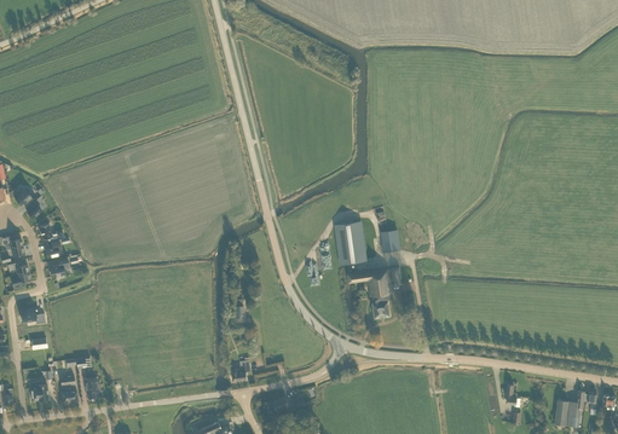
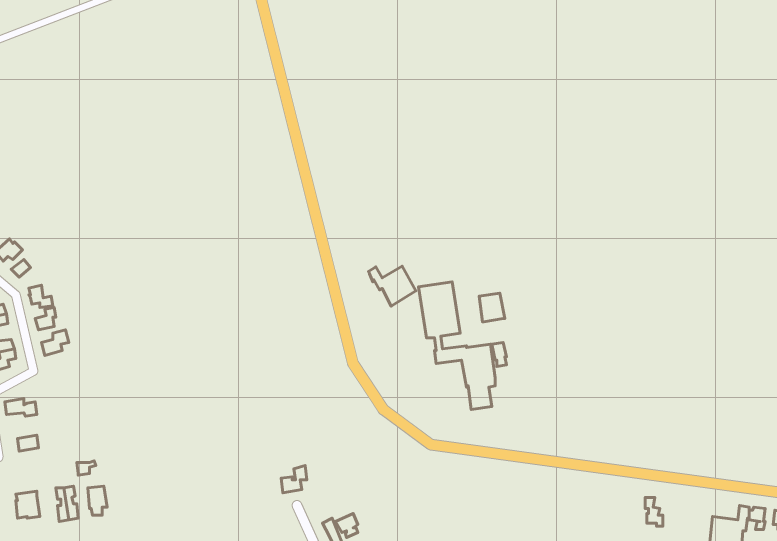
building: none -> [369,266,416,306]

